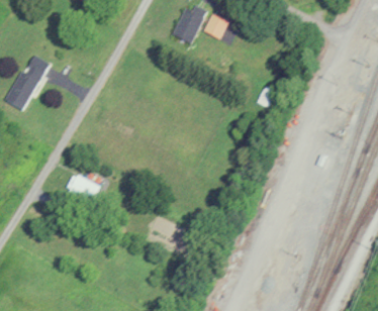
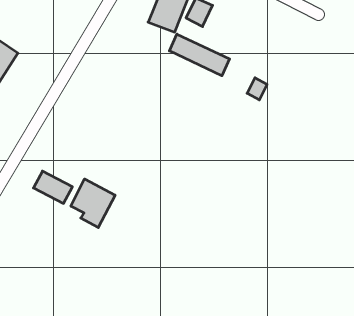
building: none -> [169,34,230,76]
building: none -> [71,179,115,228]

